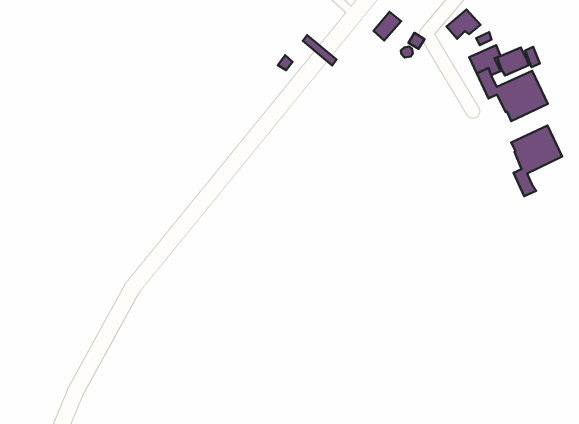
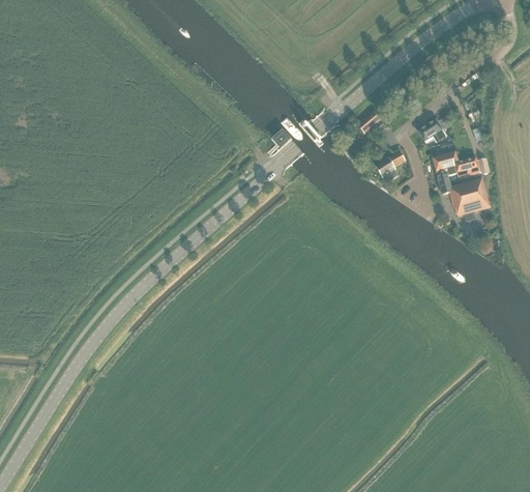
building: none -> [375,151,405,181]
building: [511,125,562,196] -> none

